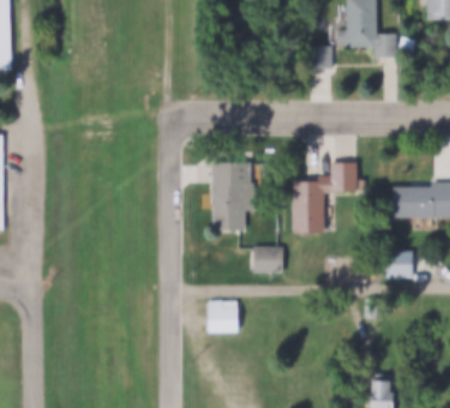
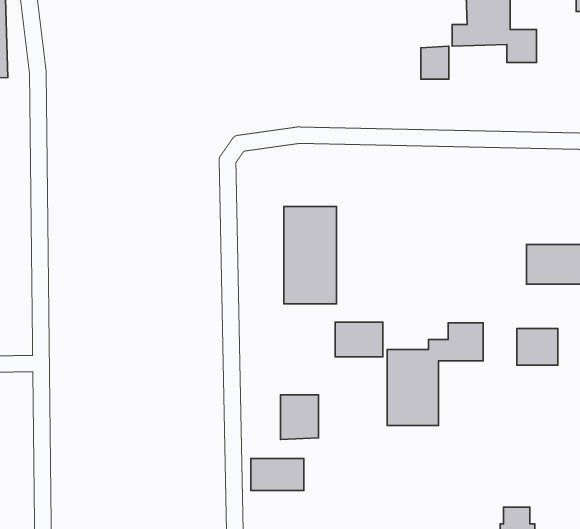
building: [287,163,356,238] -> [387,323,483,425]
building: none -> [251,458,304,491]

